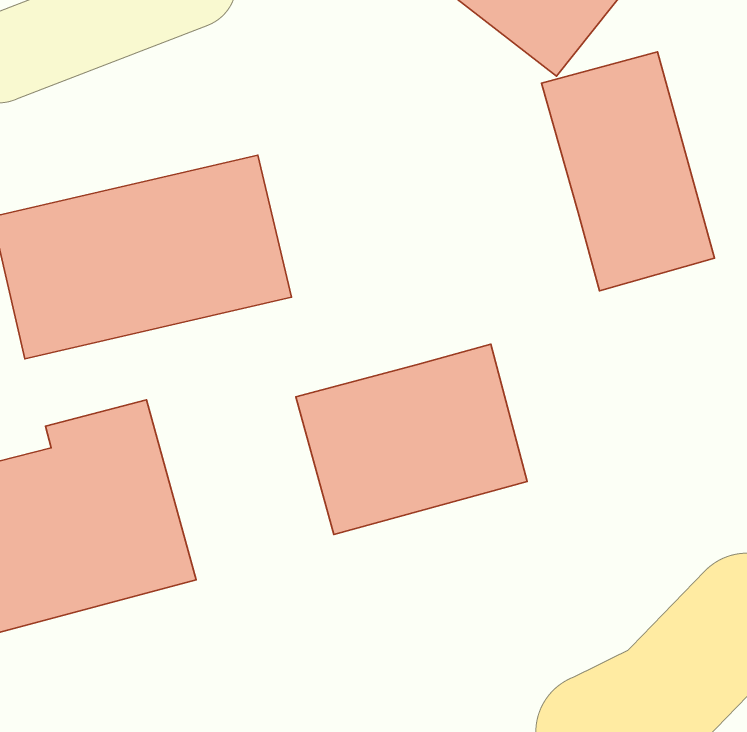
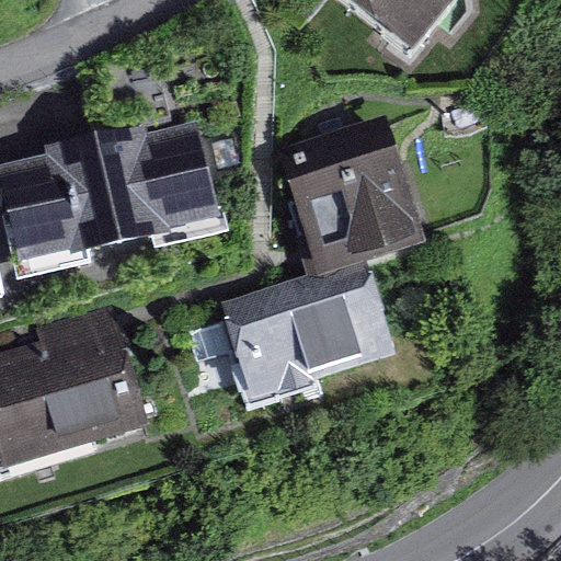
building: [542,52,715,291] -> none
building: none -> [275,110,417,273]

